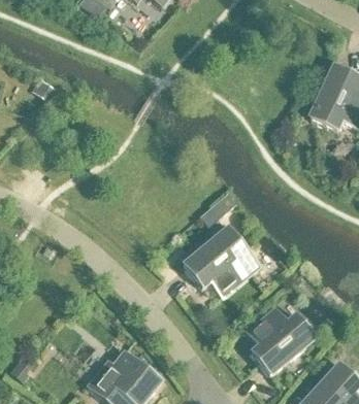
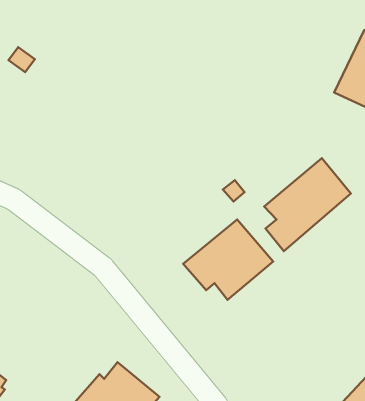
building: none -> [264,158,351,251]
building: [247,305,316,373] -> none

